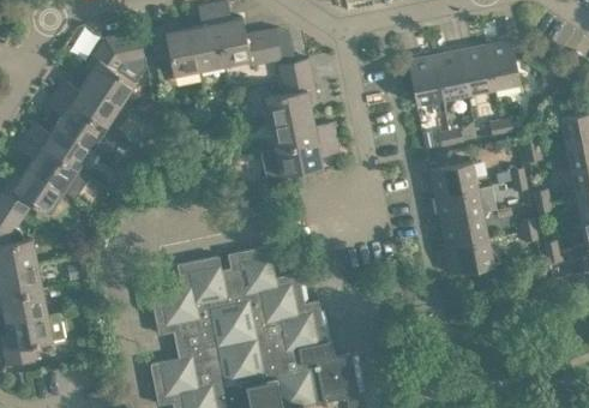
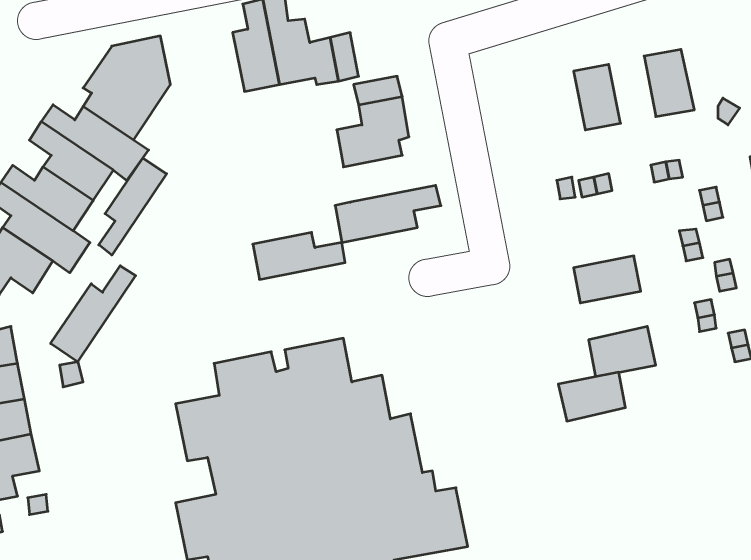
building: [149,24,199,76] -> none
building: [459,46,493,94] -> none
building: [407,56,443,104] -> none
building: [270,116,336,150] -> [253,232,345,279]
building: none -> [99,158,167,255]
building: [428,162,477,197] -> none
building: none -> [51,266,136,362]
building: [439,214,487,248] -> [558,372,625,421]

